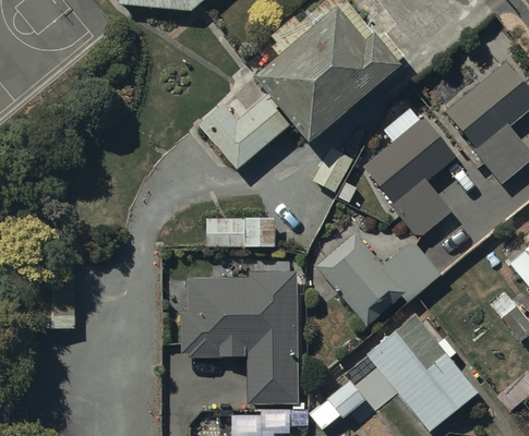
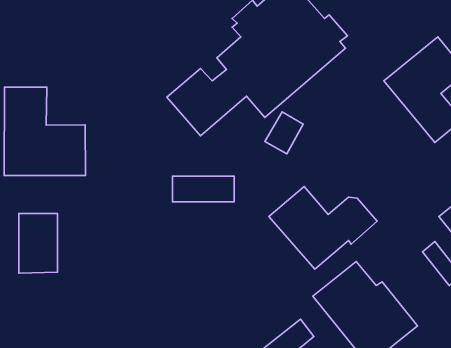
building: none -> [4,87,85,176]
building: [366,118,453,230] -> none
building: [182,271,298,403] -> none

